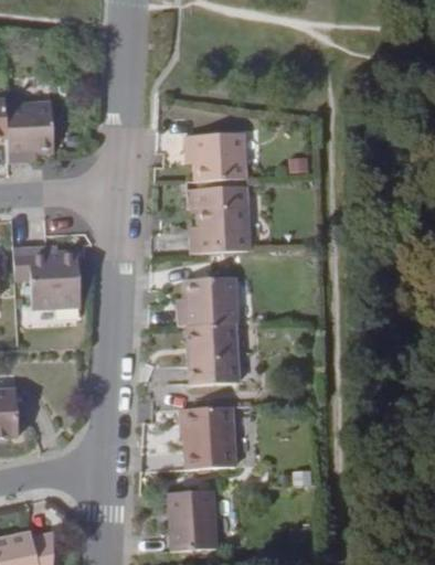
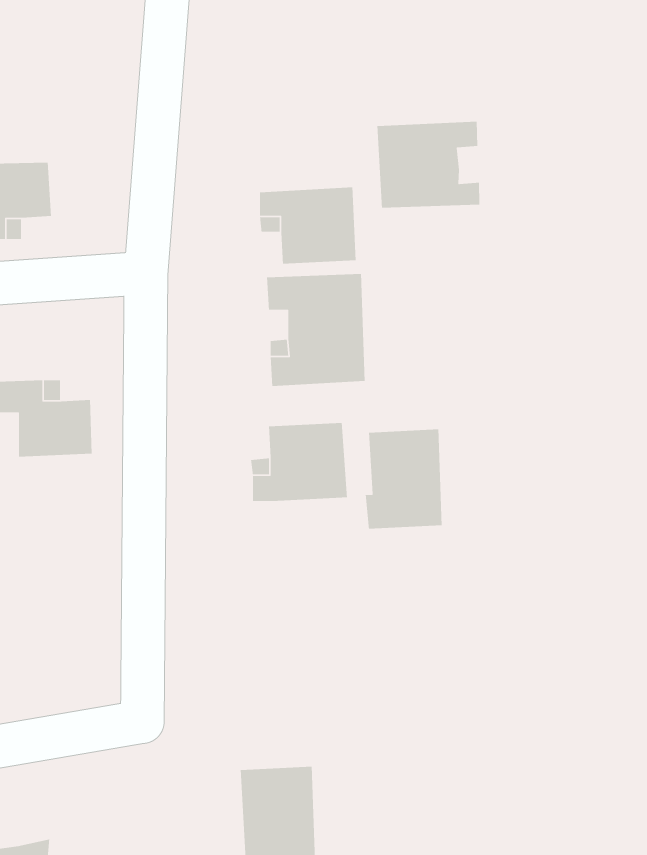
building: none -> [377,121,480,208]
building: [189,323,237,386] -> [365,429,443,529]
building: [183,406,234,469] -> none

